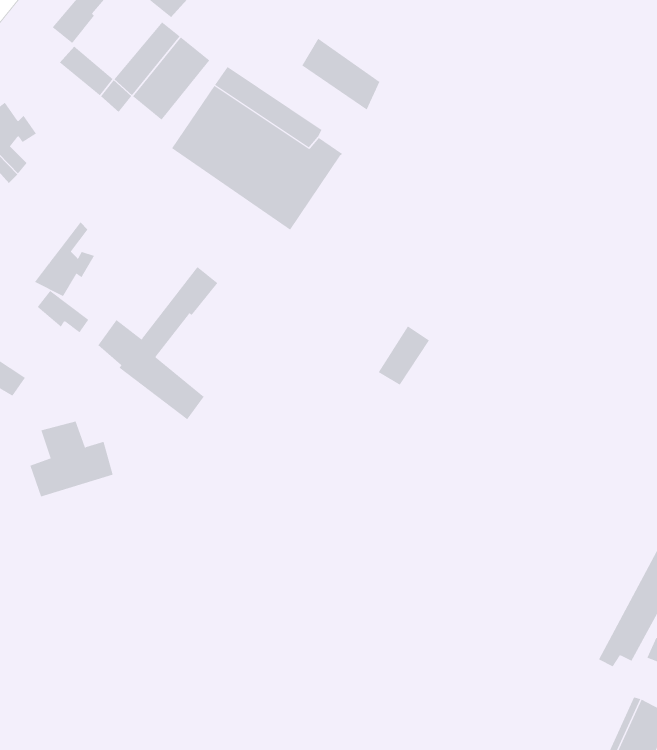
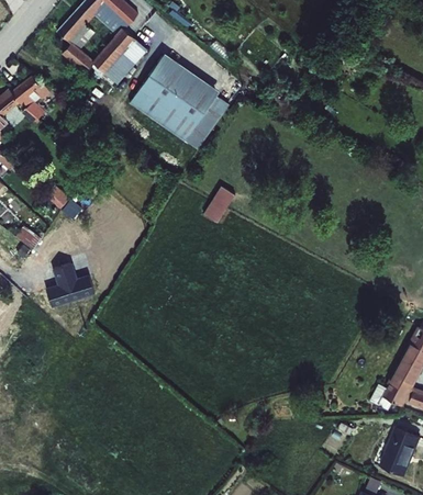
building: [302,38,380,110] -> none
building: [34,222,95,297] -> none
building: [97,266,218,420] -> none
building: [378,326,430,385] -> [201,184,232,220]

